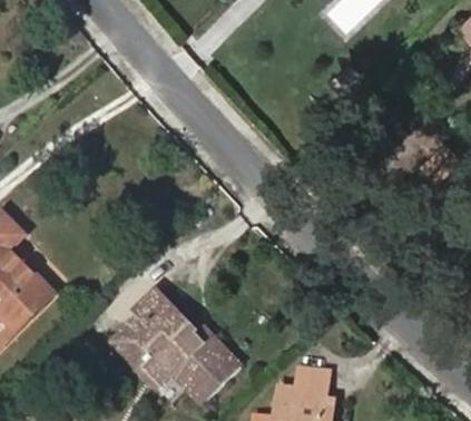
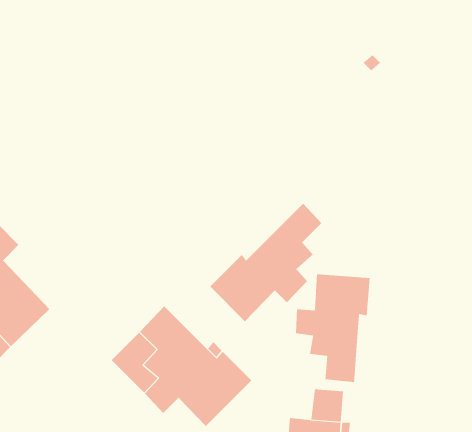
building: none -> [209,203,322,322]
building: none -> [295,273,370,383]

